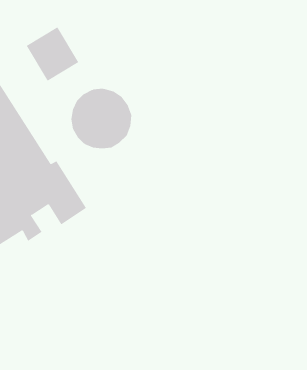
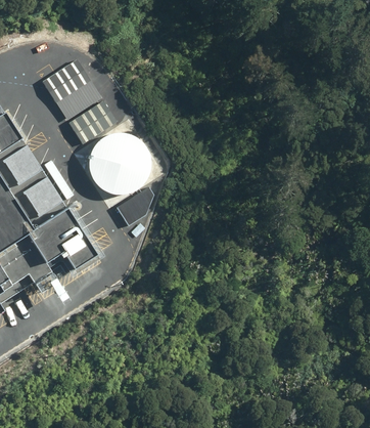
building: none -> [65,101,117,145]
building: none -> [114,187,152,226]

